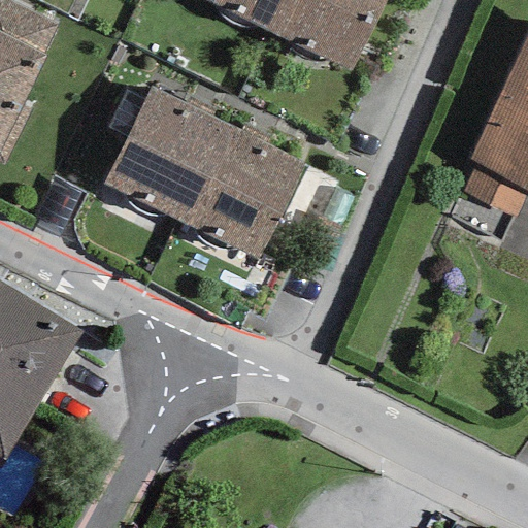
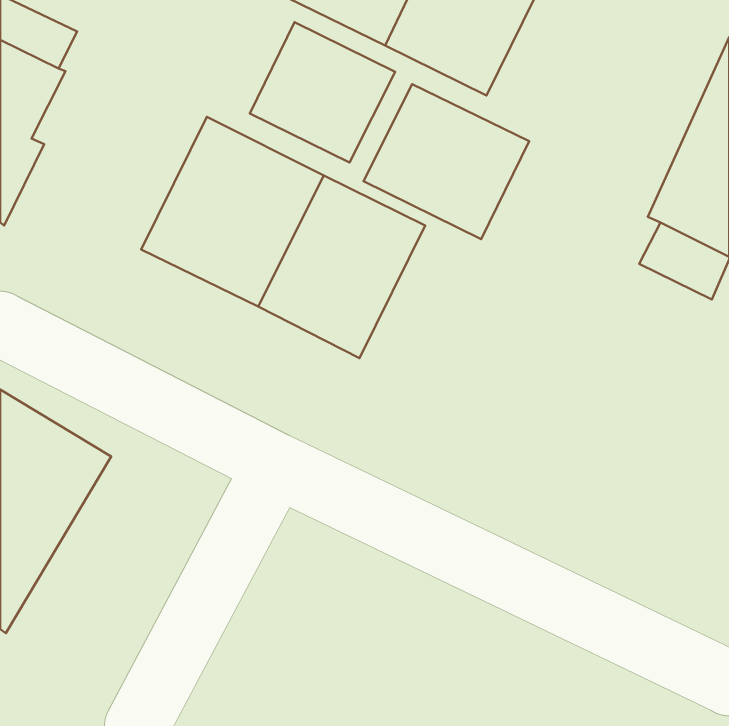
building: none -> [250,22,395,162]
building: none -> [363,84,529,239]

